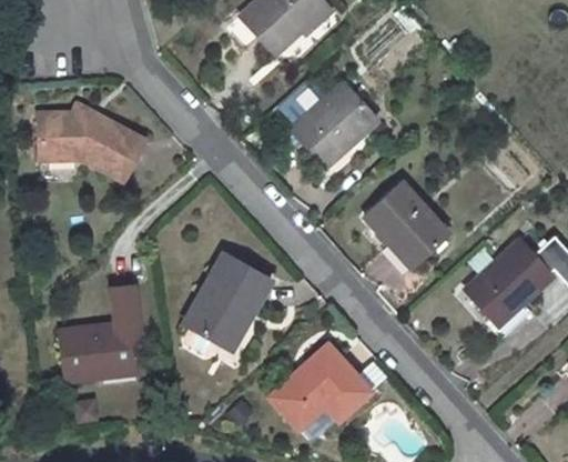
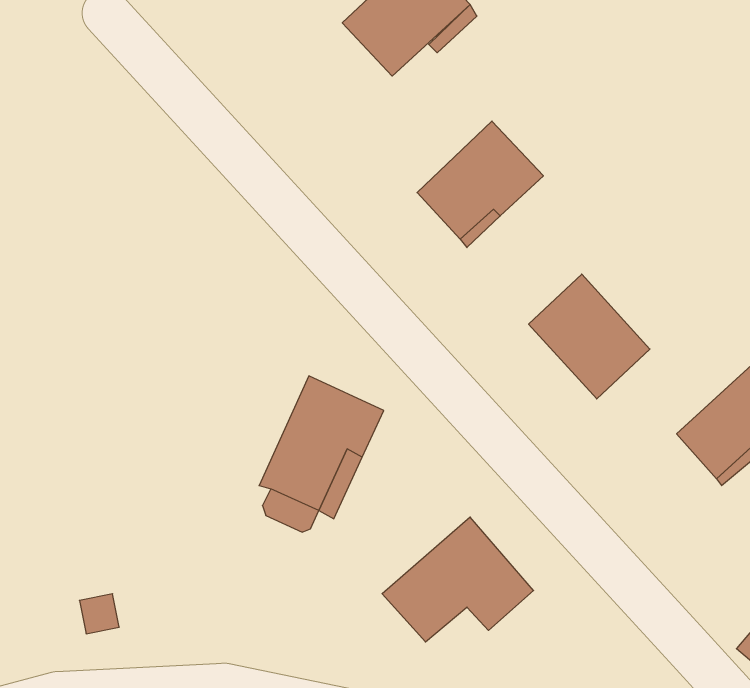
building: [51,106,150,178] -> none
building: [57,290,139,384] -> none

